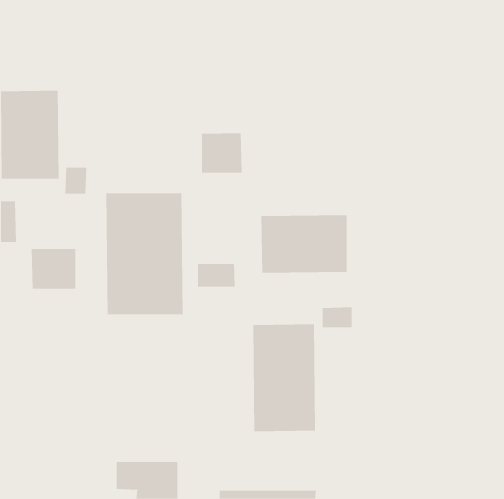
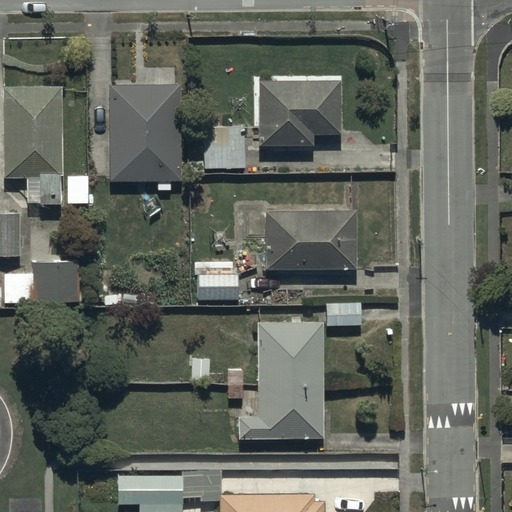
building: none -> [112,77,183,174]
building: none -> [260,85,340,155]
building: [106,193,183,315] -> none

